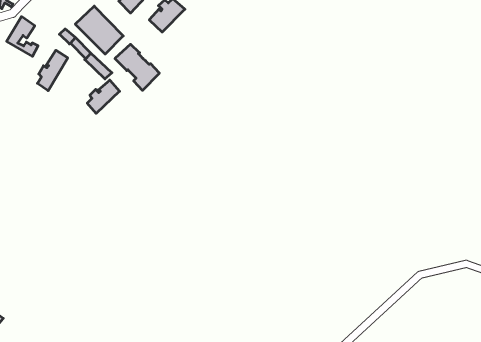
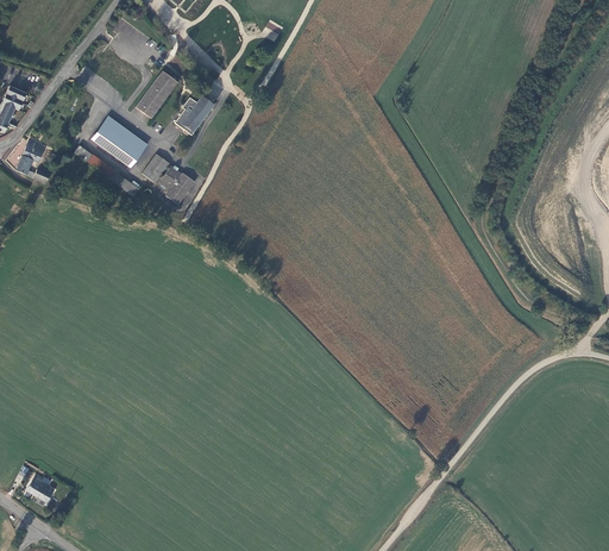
building: [37,50,68,91] -> none
building: [87,80,120,113] -> none

